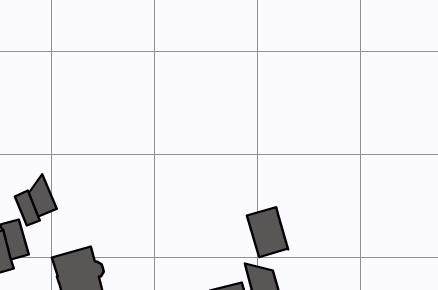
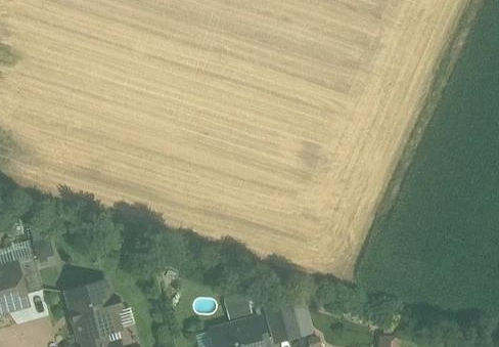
building: [29,174,57,216] -> none
building: [247,207,288,257] -> none

